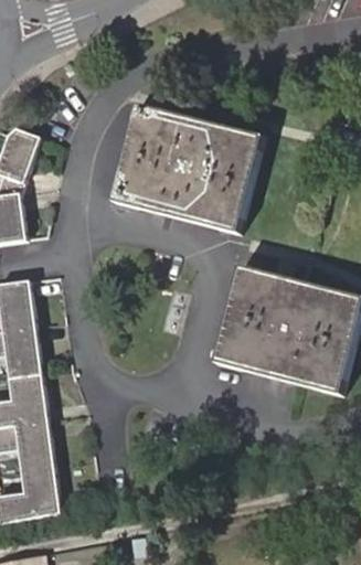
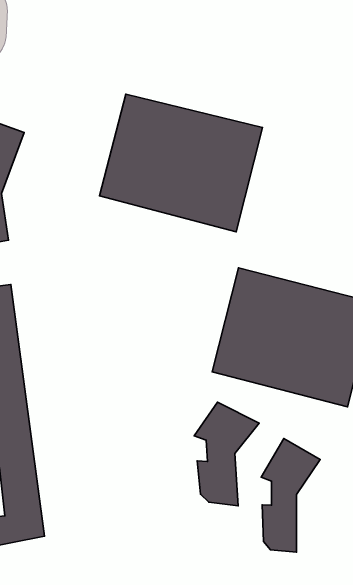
building: none -> [194,402,259,506]
building: none -> [261,438,320,552]

